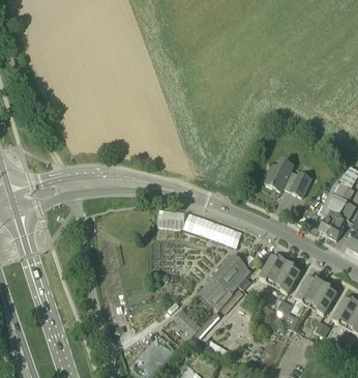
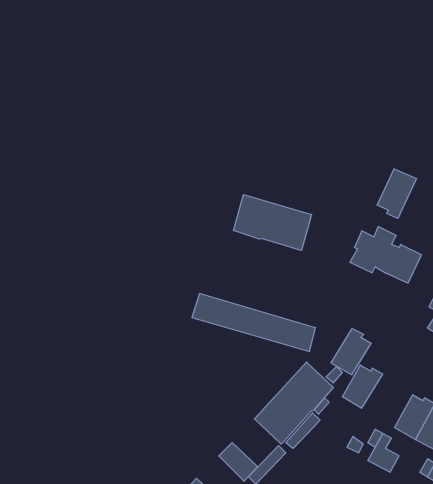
building: none -> [377,169,417,218]
building: none -> [233,195,312,250]
building: [272,261,300,293] -> [331,329,371,375]

